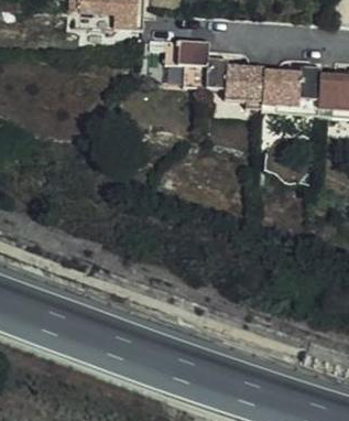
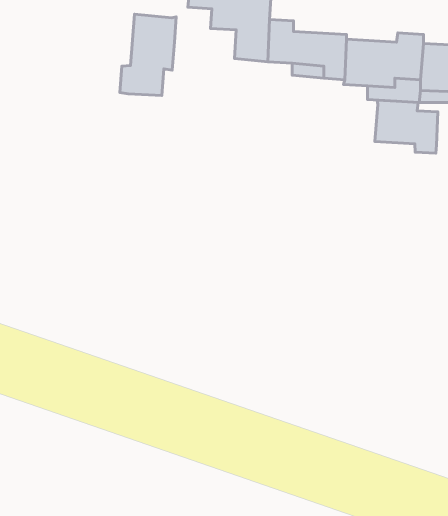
building: none -> [120,14,176,96]
building: none -> [375,100,438,153]

